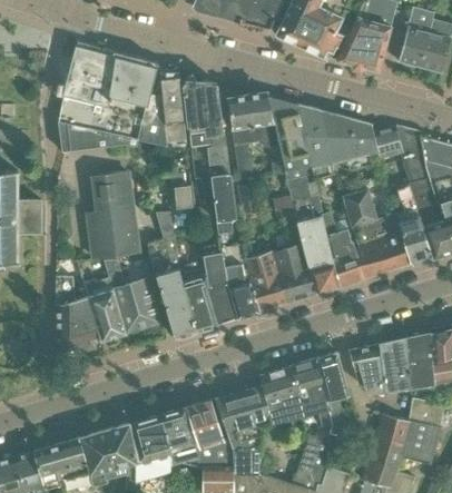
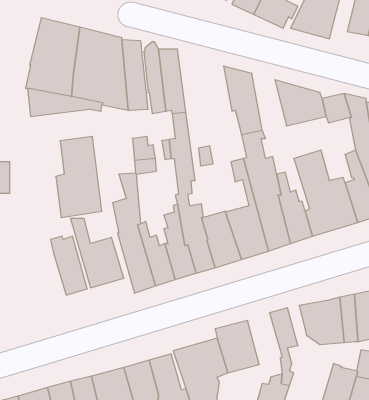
building: [226,91,276,180] -> none
building: [297,106,334,178] -> none
building: [56,276,100,353] -> none
building: [293,359,330,426] -> none

